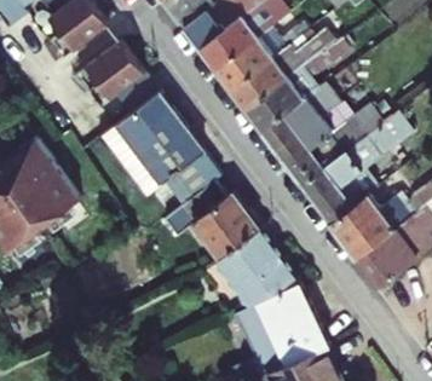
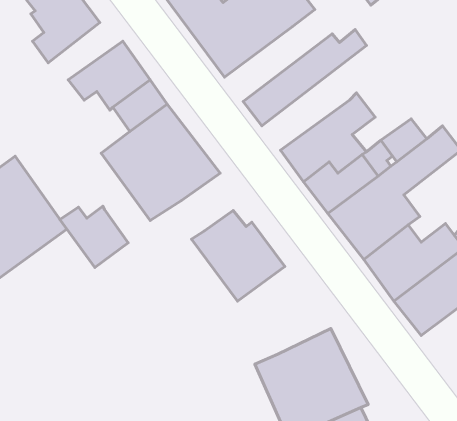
building: [212,25,305,92] -> none
building: [243,40,347,133] -> none
building: [175,152,227,201] -> none
building: none -> [60,206,128,268]
building: [223,229,304,305] -> none

